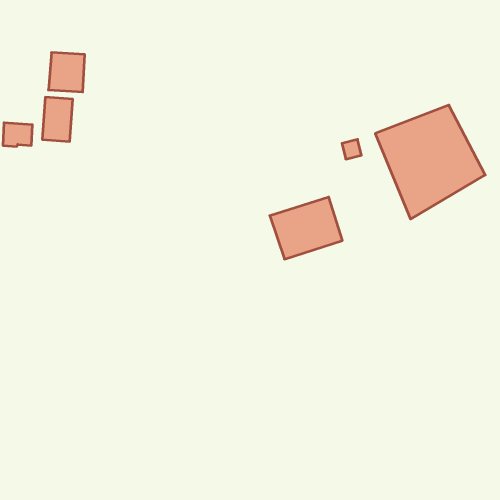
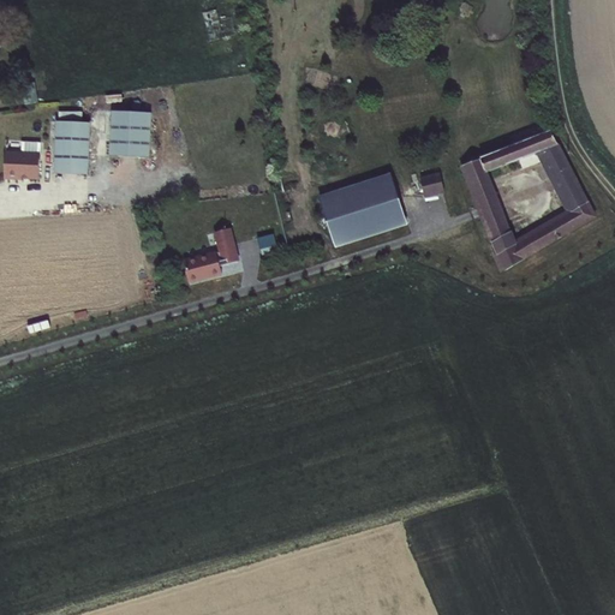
building: [48,53,85,92] -> [106,109,150,157]
building: none -> [181,228,235,280]
building: [270,197,342,259] -> [317,173,406,249]

